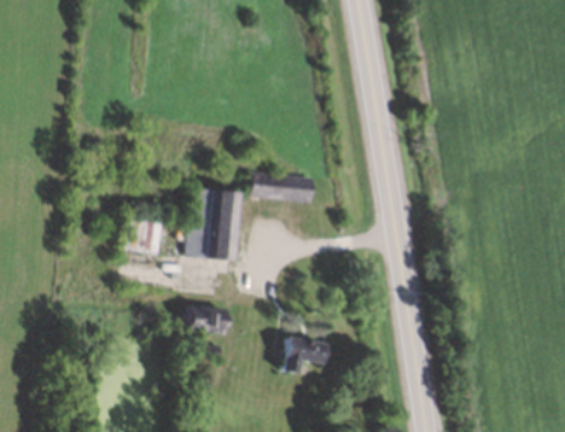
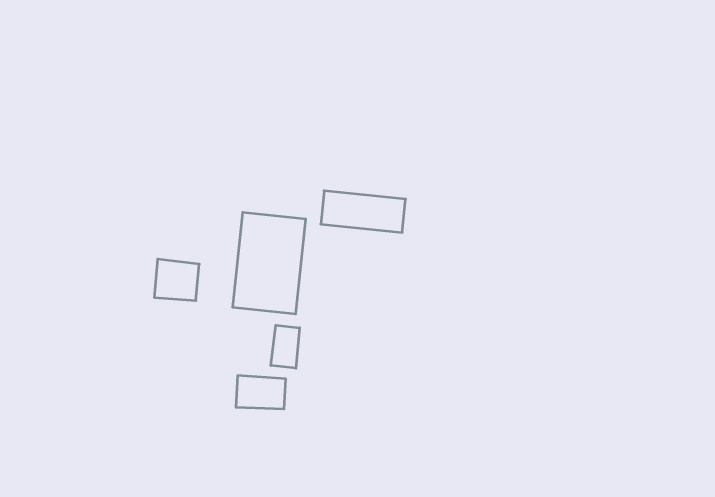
building: none -> [271,325,300,368]
building: [282,338,331,373] -> none

